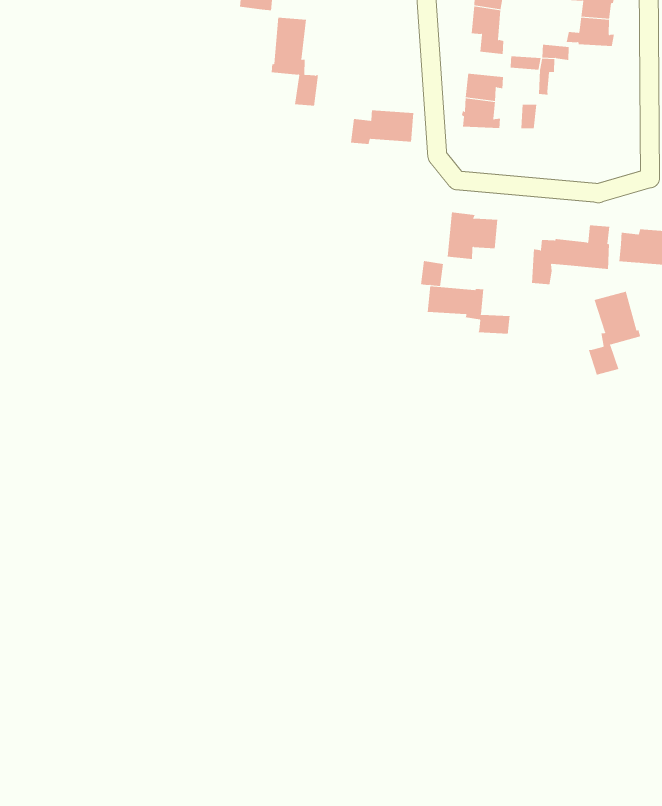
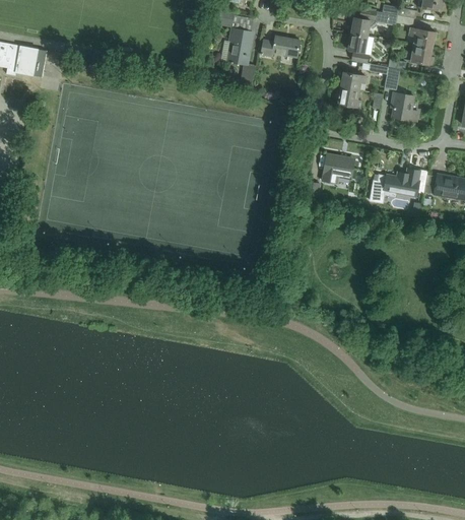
building: none -> [392,92,418,121]
building: [350,110,414,144] -> [261,36,301,57]
building: [427,285,510,335] -> none
building: [588,291,641,375] -> none

